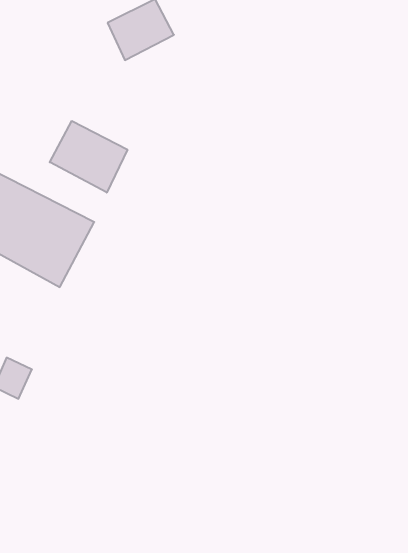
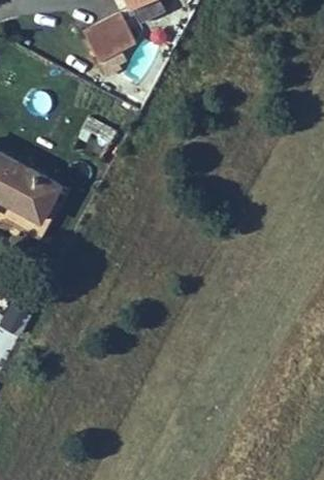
building: [50,121,127,193] -> none

